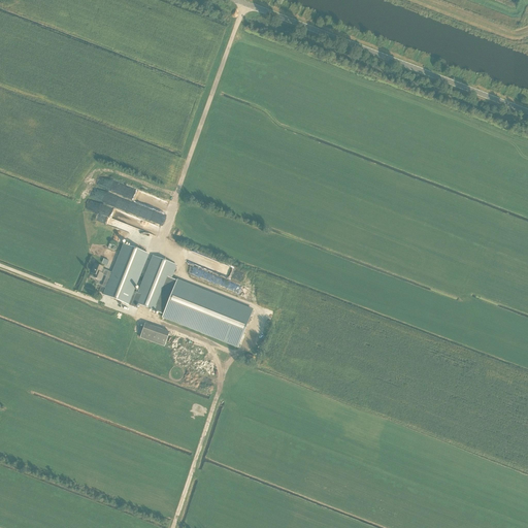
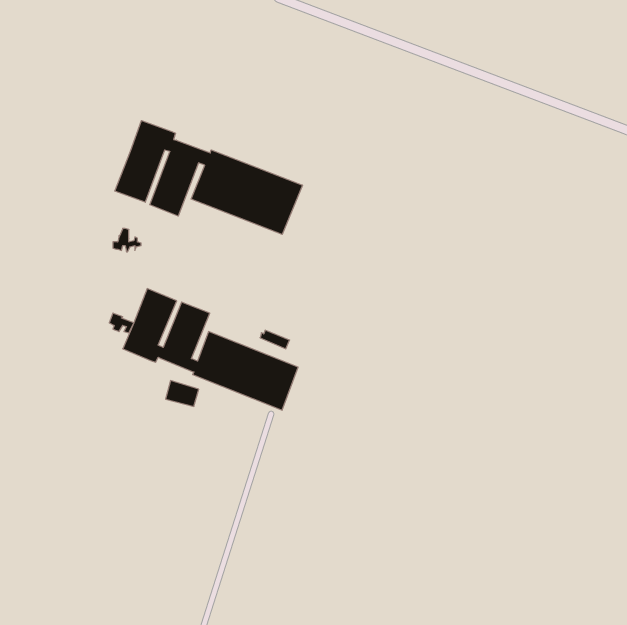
building: none -> [115,121,302,234]

